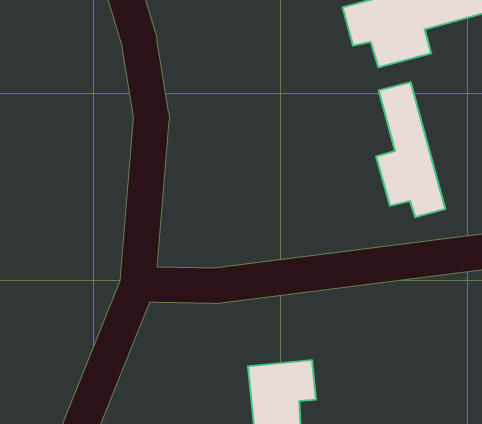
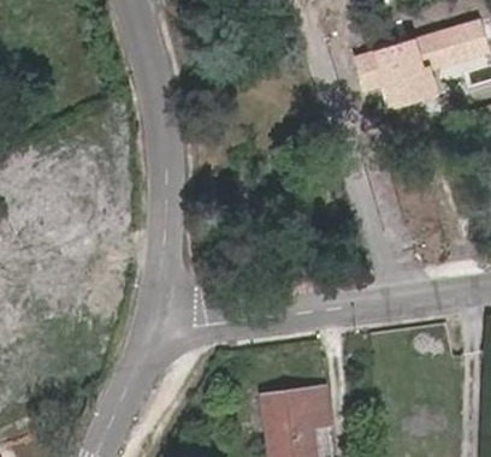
building: [376,82,445,217] -> none

